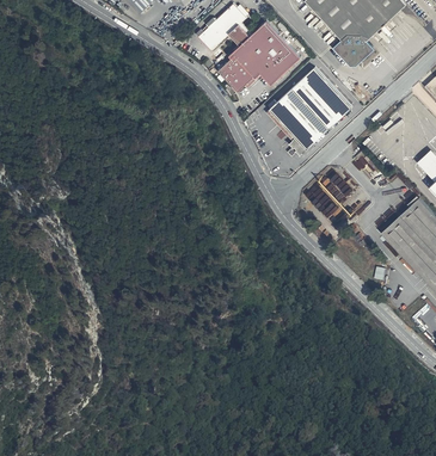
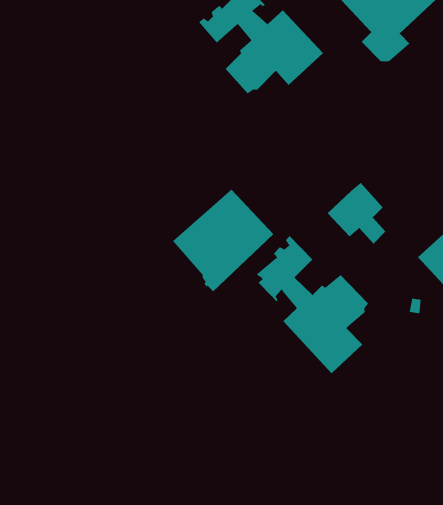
building: [266,67,352,154] -> [172,189,274,292]
building: none -> [256,235,369,374]

